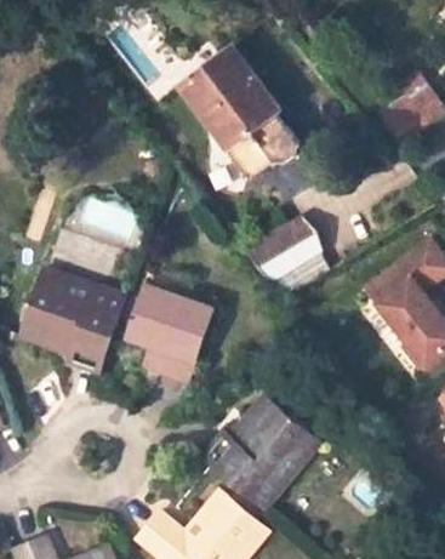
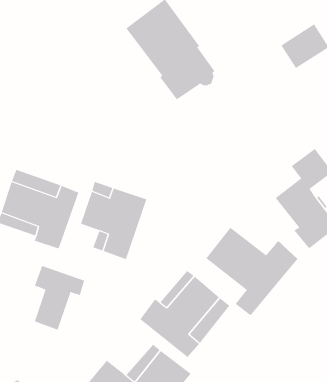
building: [247,221,331,300] -> none
building: none -> [206,227,298,316]
building: none -> [34,265,85,331]

